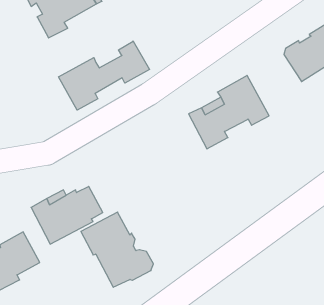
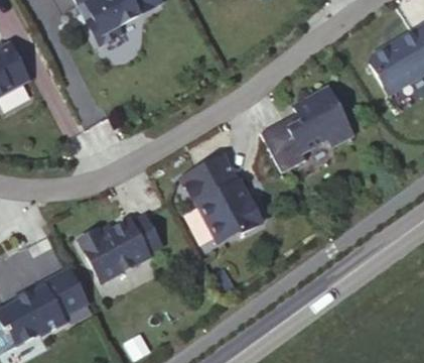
building: [59,41,150,110] -> none
building: [81,212,153,287] -> [181,155,265,242]

